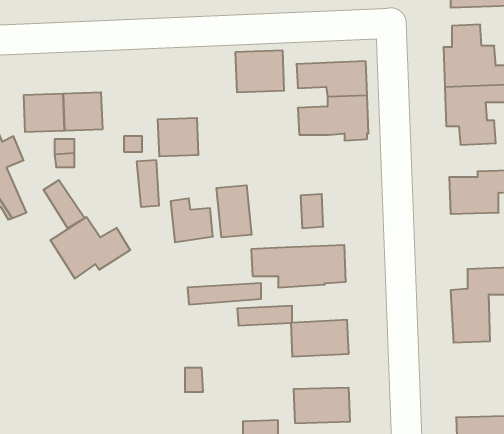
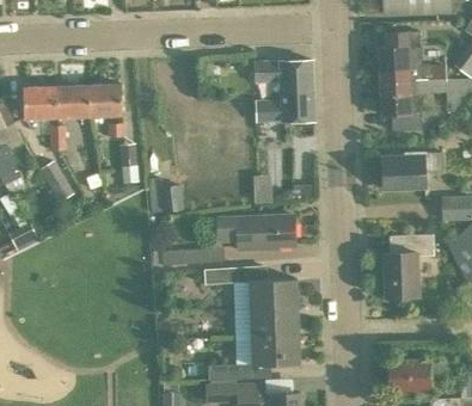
building: [236,50,284,92] -> none
building: [158,118,199,156] -> [88,85,123,117]
building: [217,185,252,237] -> none
building: [50,217,130,279] -> none
building: none -> [250,307,298,337]

